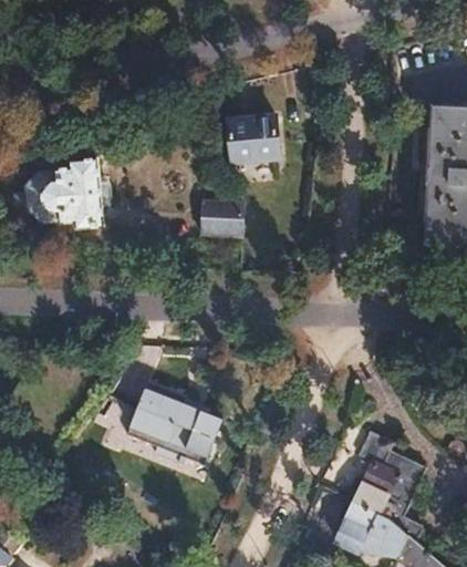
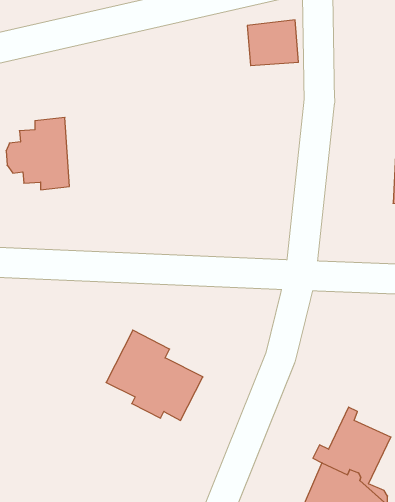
building: [226,117,277,163] -> [247,20,298,66]
building: [199,190,239,237] -> none

